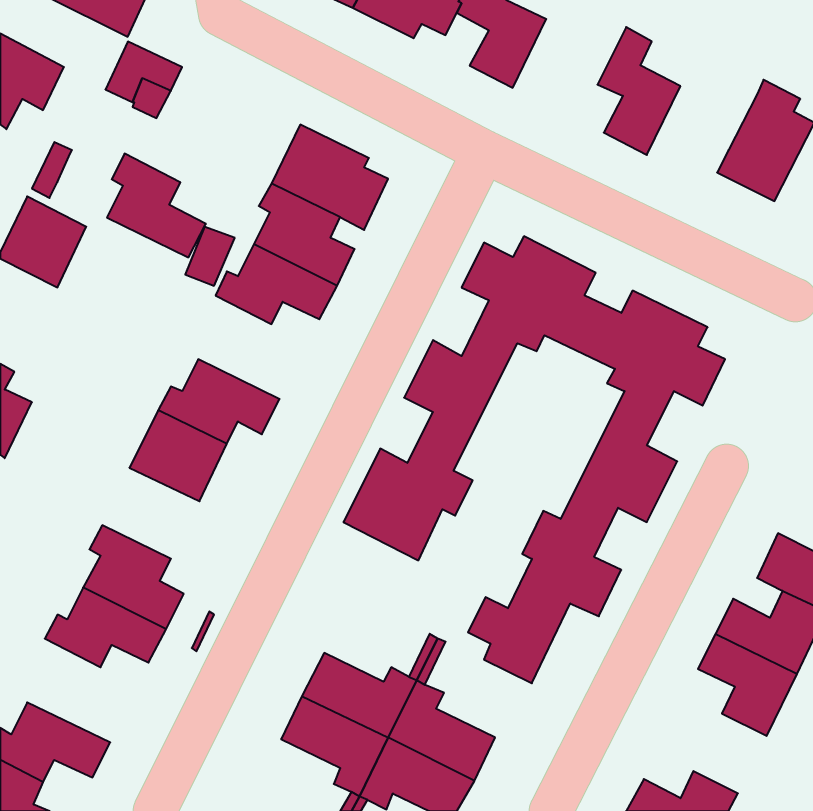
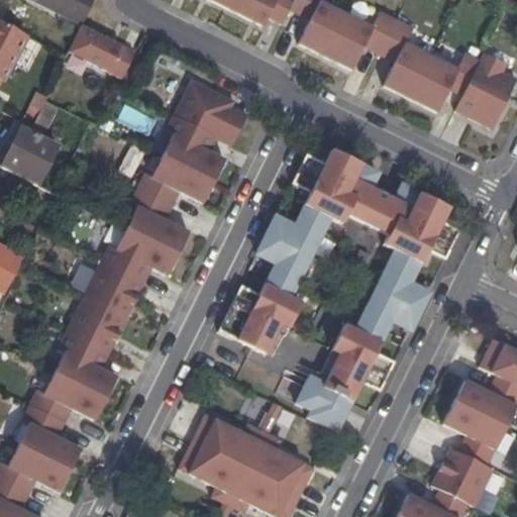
building: none -> [326,9,398,69]
building: none -> [411,51,481,111]
building: [107,154,206,257] -> [127,187,190,252]
building: none -> [67,296,128,353]
building: none -> [19,404,82,470]
building: none -> [432,447,494,506]

